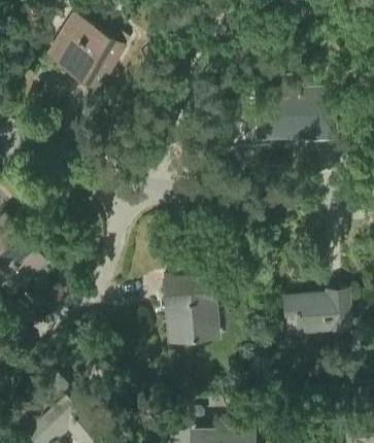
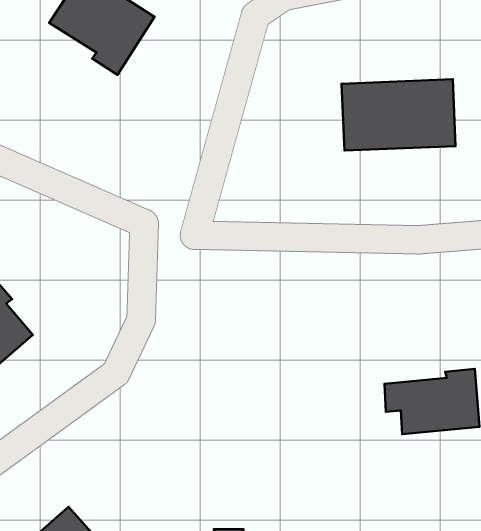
building: [164,276,218,346] -> none

